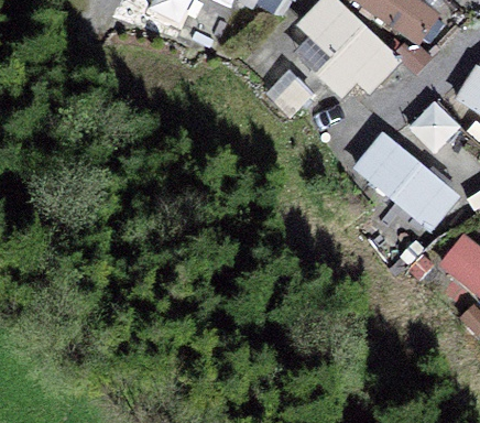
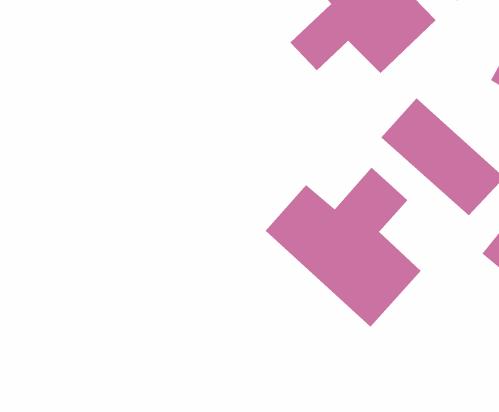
building: none -> [265,167,422,328]

